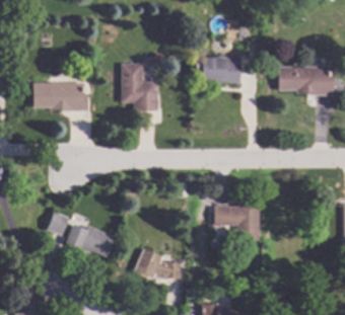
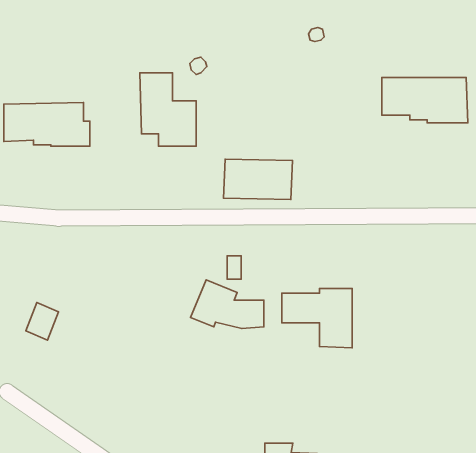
building: [197,57,241,83] -> [224,159,292,200]
building: [66,224,117,257] -> none
building: [133,248,181,280] -> [190,280,264,328]

